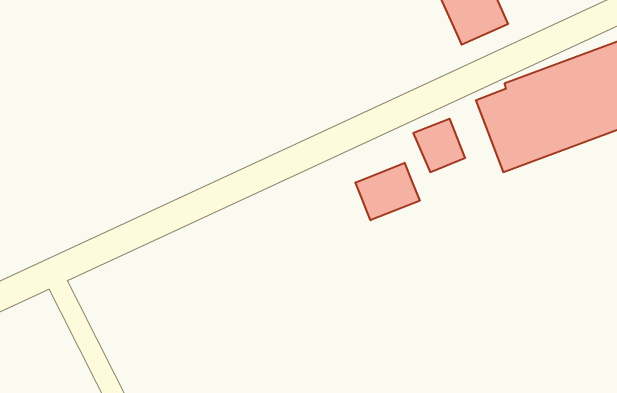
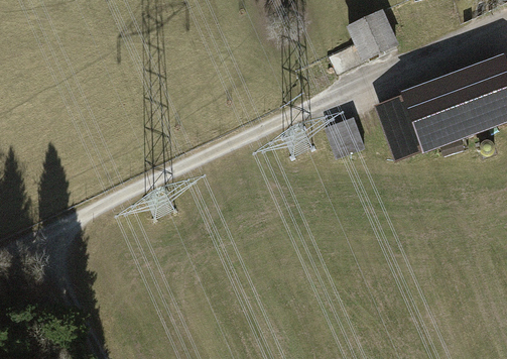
building: [355,163,420,220] -> none

